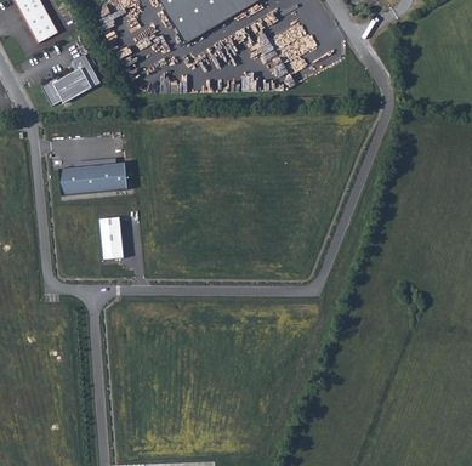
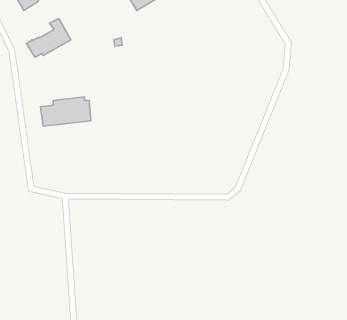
building: [98,217,124,260] -> none

